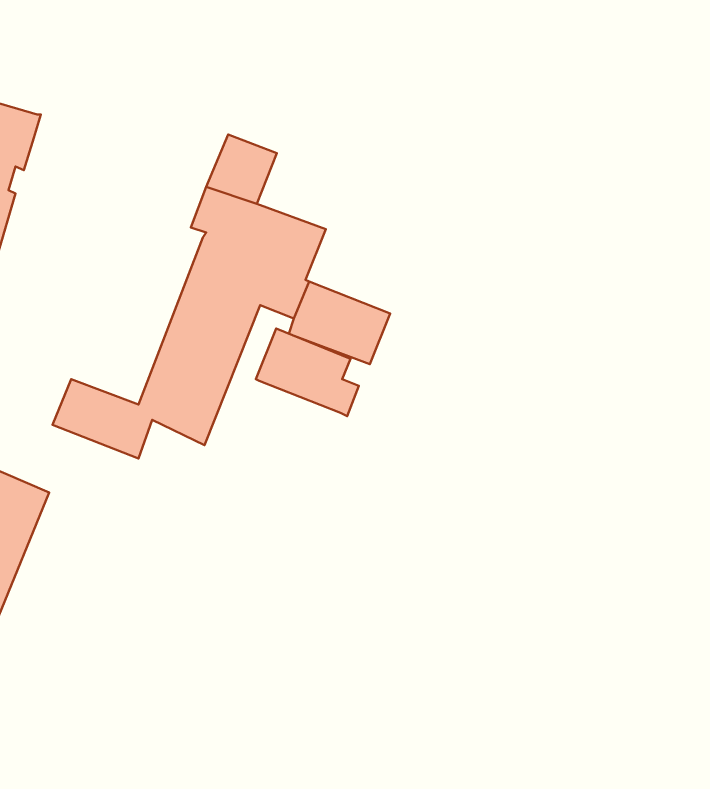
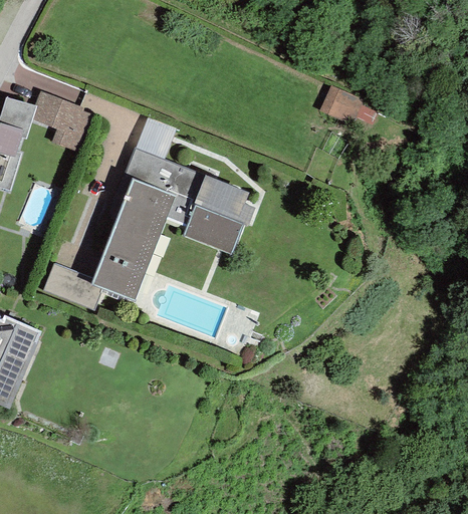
building: none -> [318,84,358,123]
building: none -> [31,90,91,151]
building: [256,329,359,416] -> [193,174,254,226]

